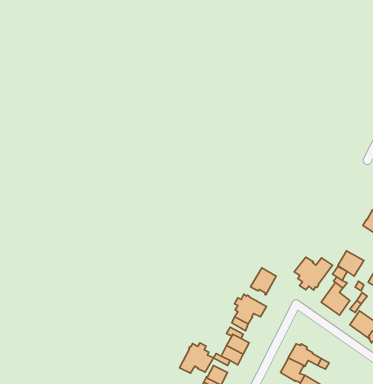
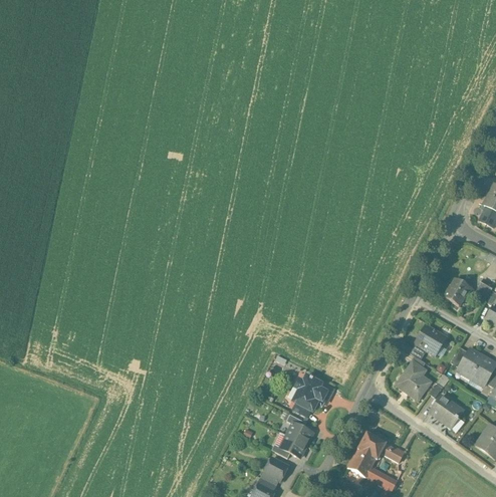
building: [294,257,332,290] -> none
building: [251,268,276,295] -> none
building: [180,343,214,373] -> none

